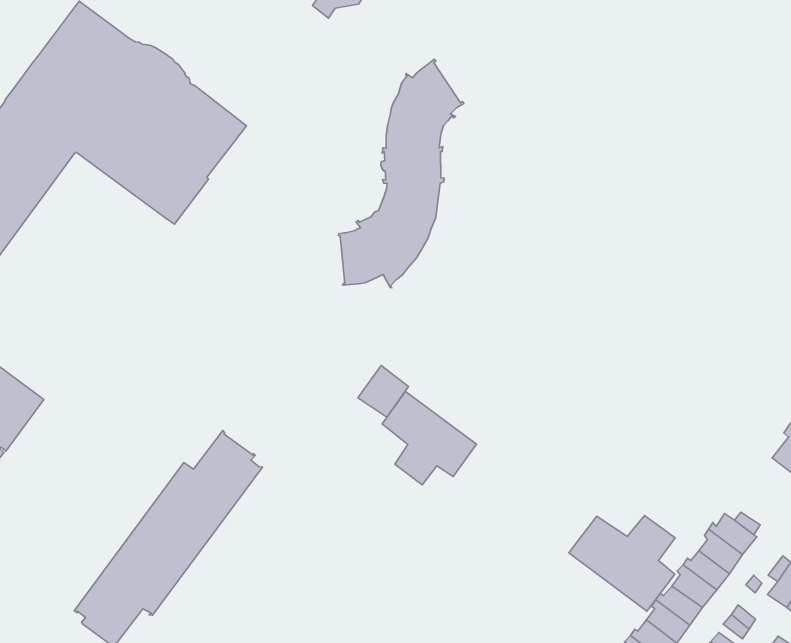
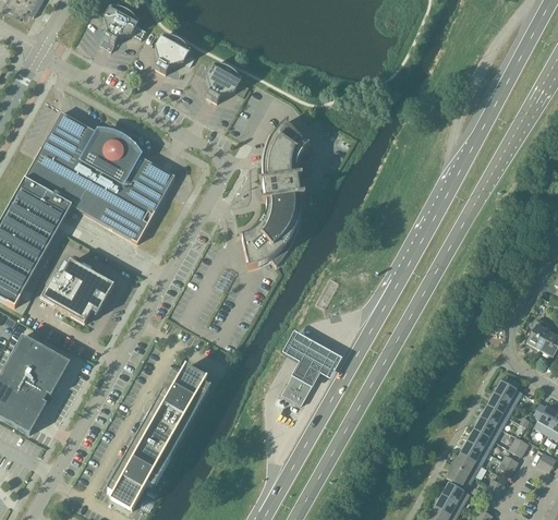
building: none -> [43,262,113,323]
building: [358,365,408,417] -> [280,374,311,406]
building: [569,515,675,611] -> none

